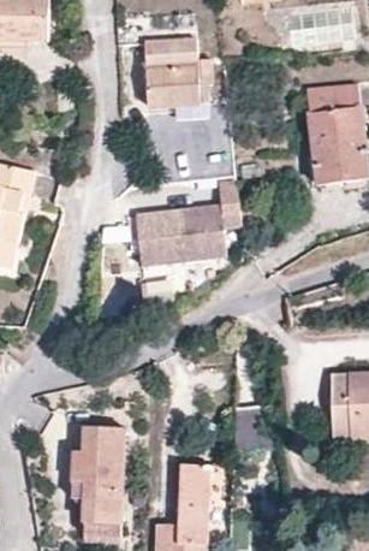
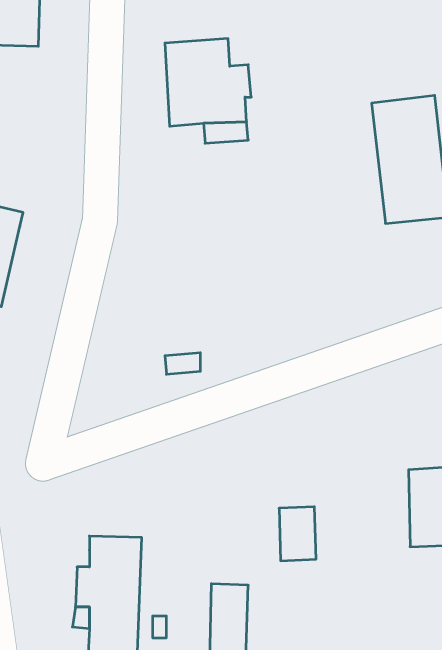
building: [133,176,238,265] -> none

